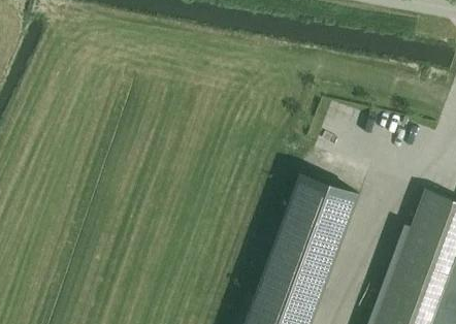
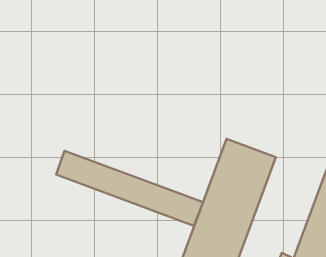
building: none -> [56,151,203,226]

